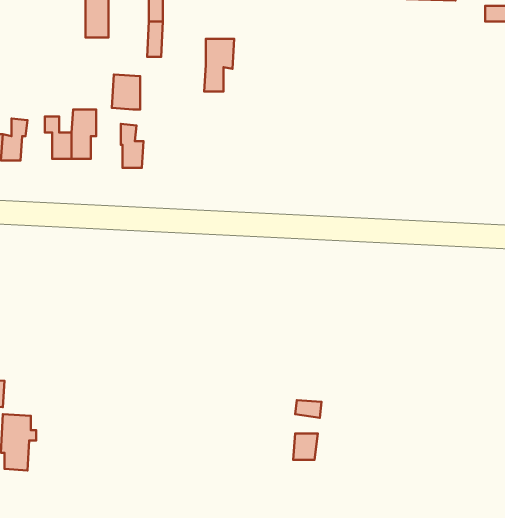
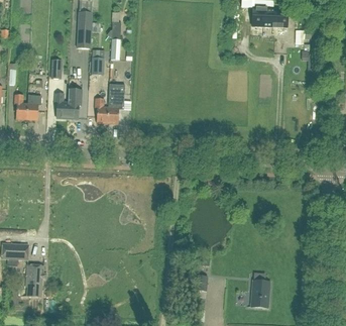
building: [204,39,234,92] -> [107,93,124,123]
building: none -> [250,281,270,308]

